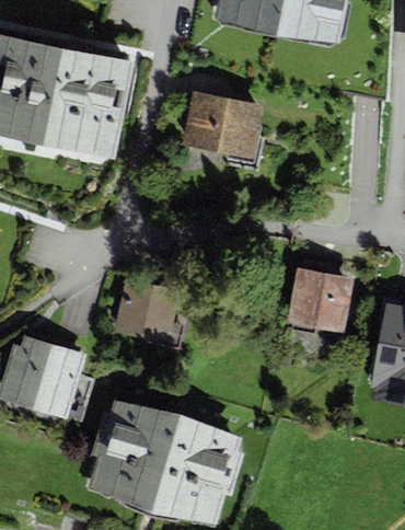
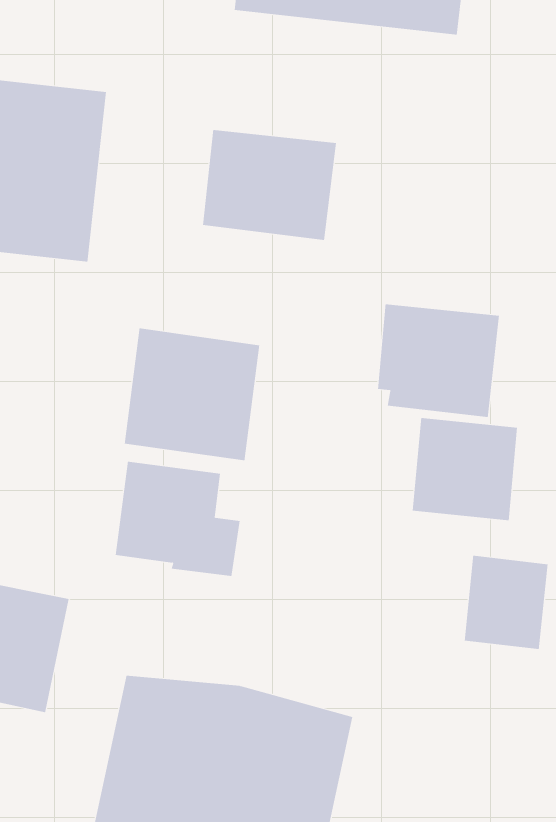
building: none -> [378,303,499,418]
building: none -> [124,328,260,461]
building: none -> [464,555,548,650]

